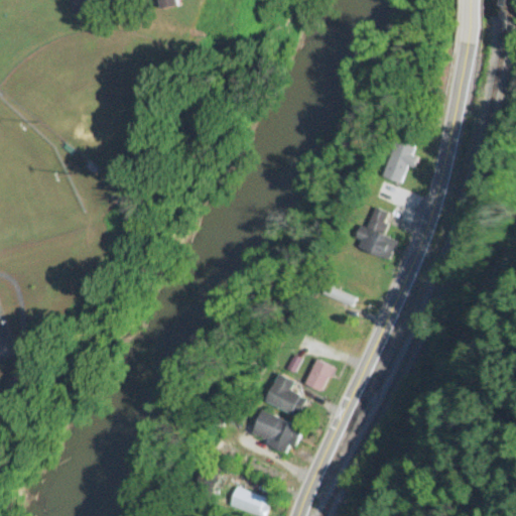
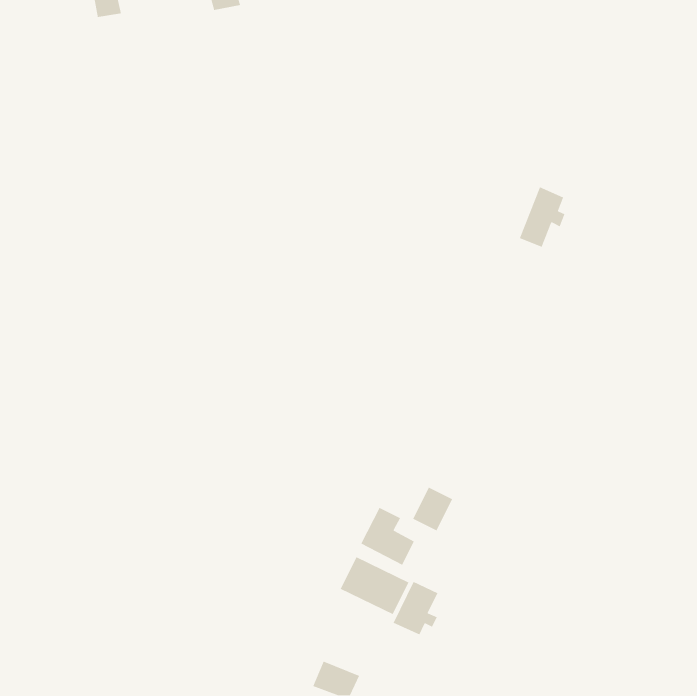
building: [352,207,395,257] -> none
building: none -> [392,581,438,635]

